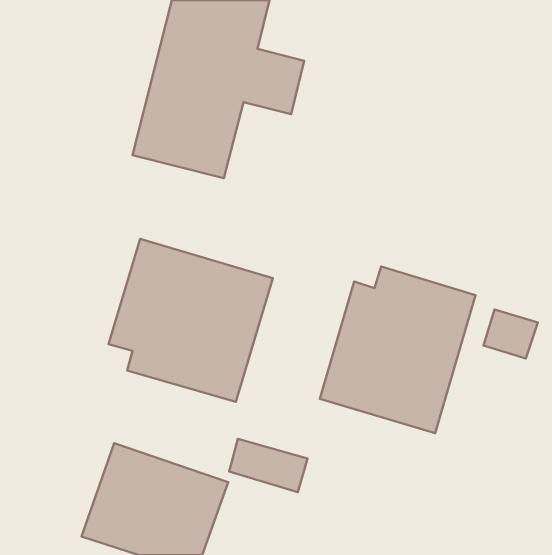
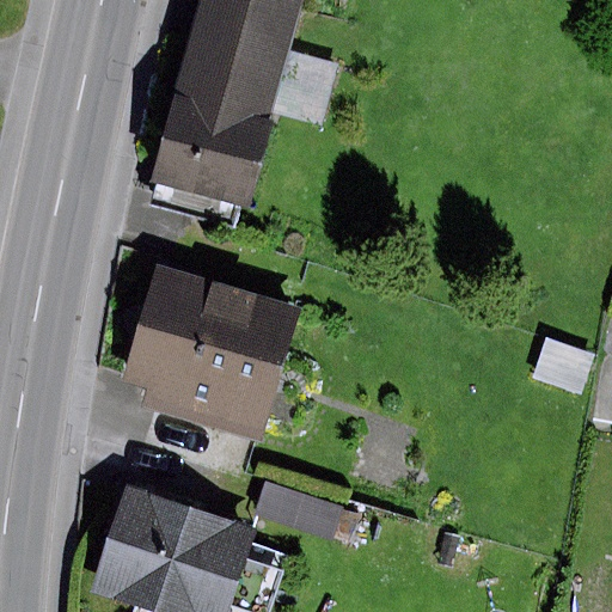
building: [320,267,475,433] -> none

